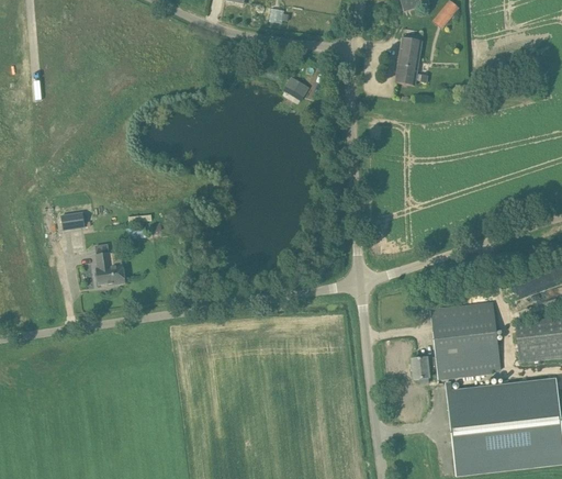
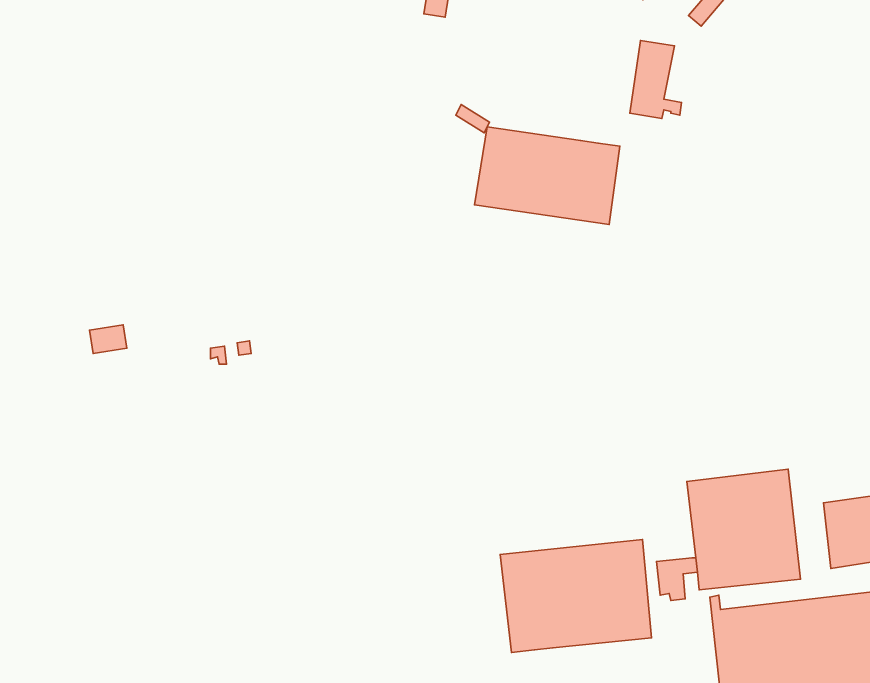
building: none -> [475,127,620,225]
building: [95,253,125,285] -> none
building: none -> [500,539,652,652]

